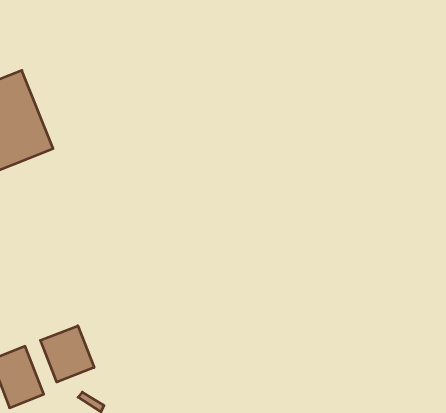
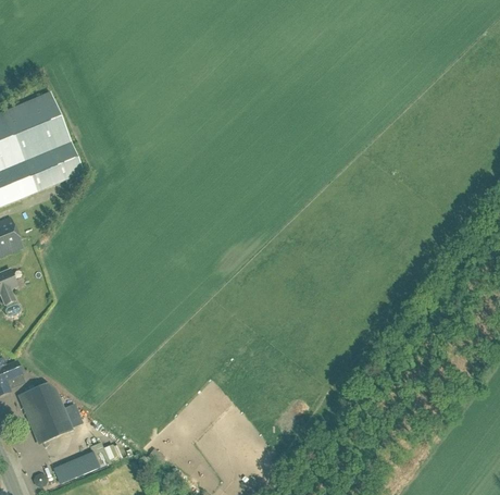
building: [40,326,94,382] -> none

